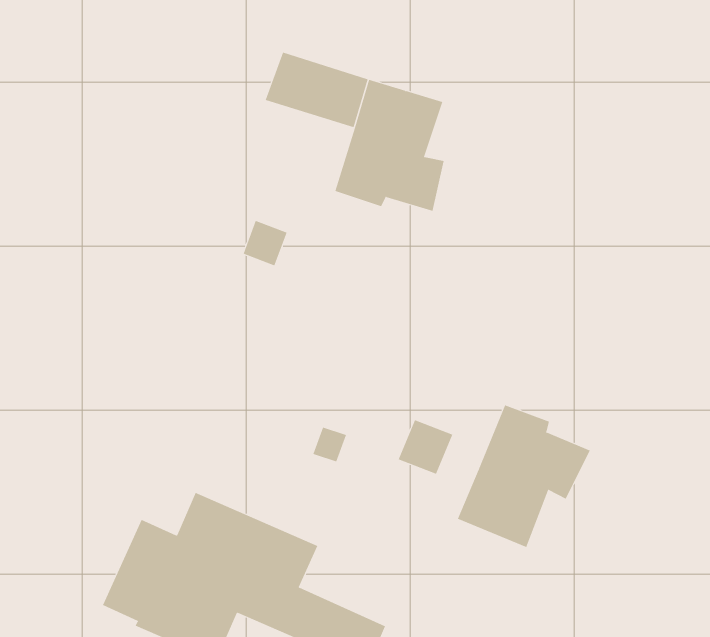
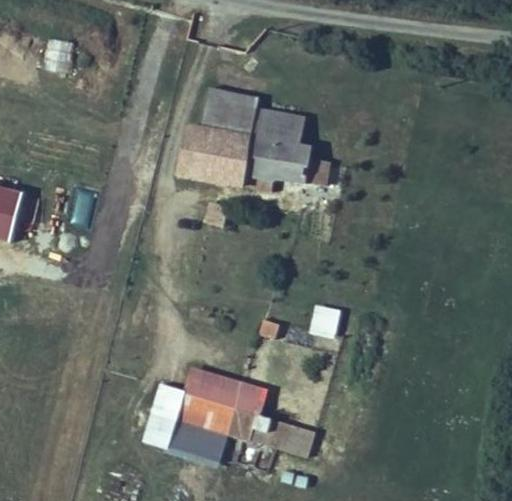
building: none -> [183,124,258,189]
building: [457,404,590,548] -> none

